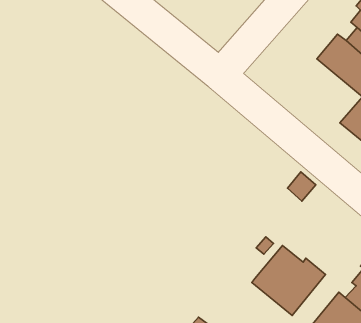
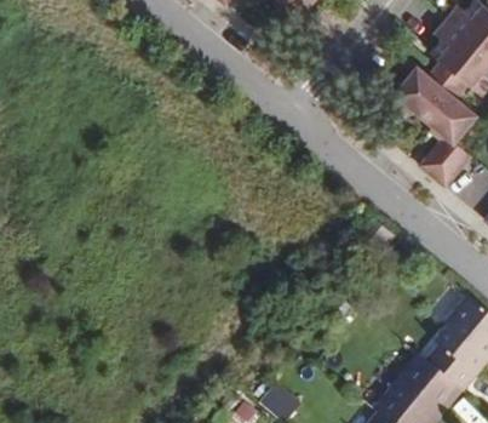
building: [252,245,325,315] -> none

